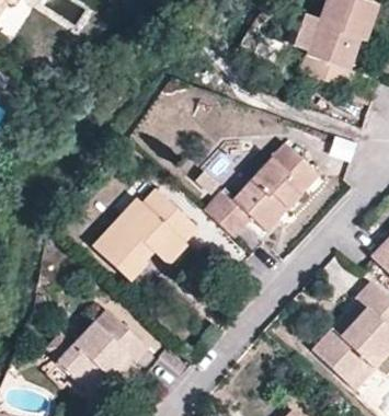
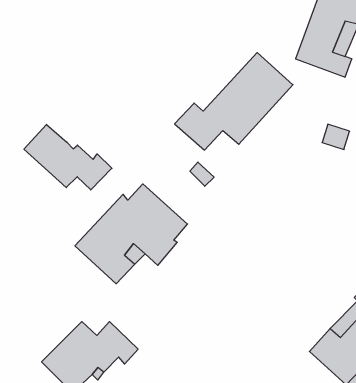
building: none -> [24,124,112,190]
building: [206,141,319,234] -> [175,53,293,150]

